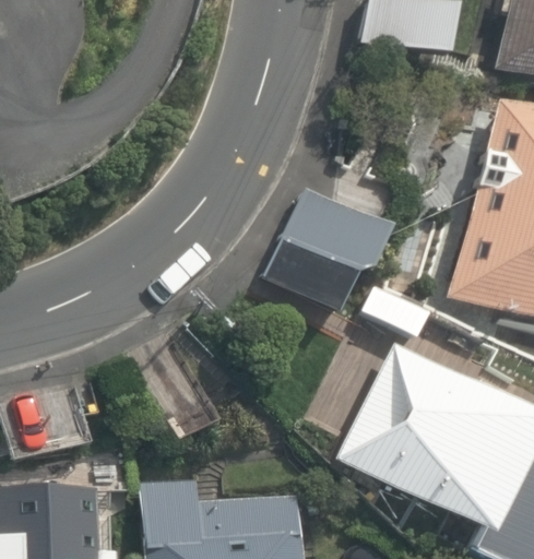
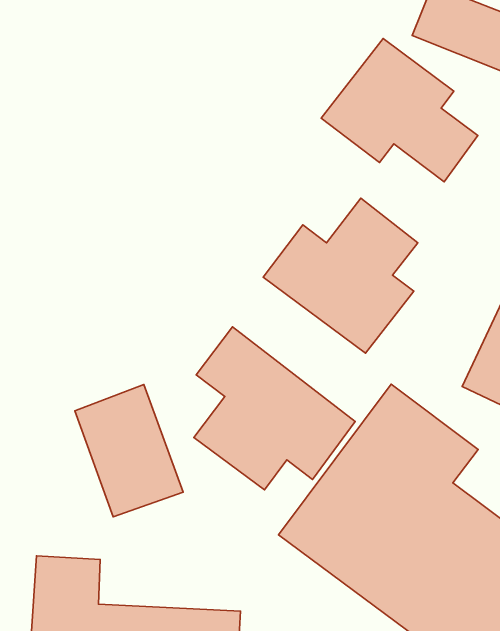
building: none -> [321,39,478,182]
building: none -> [194,327,355,490]

